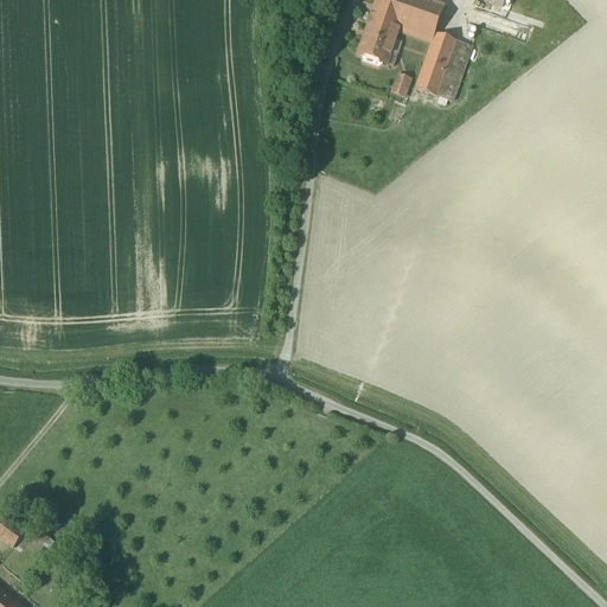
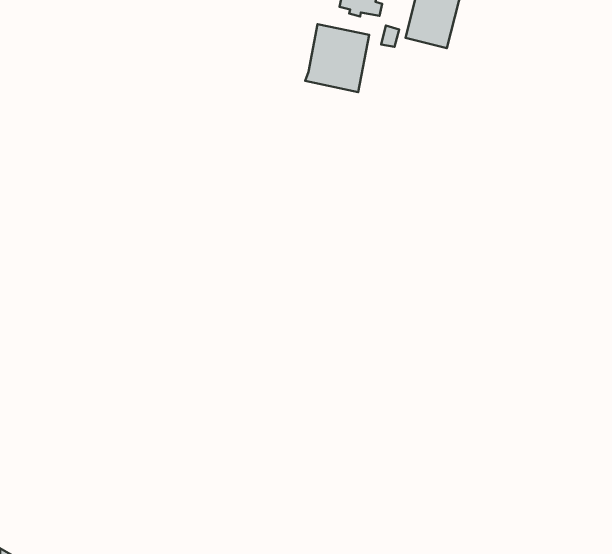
building: none -> [305,24,369,92]

